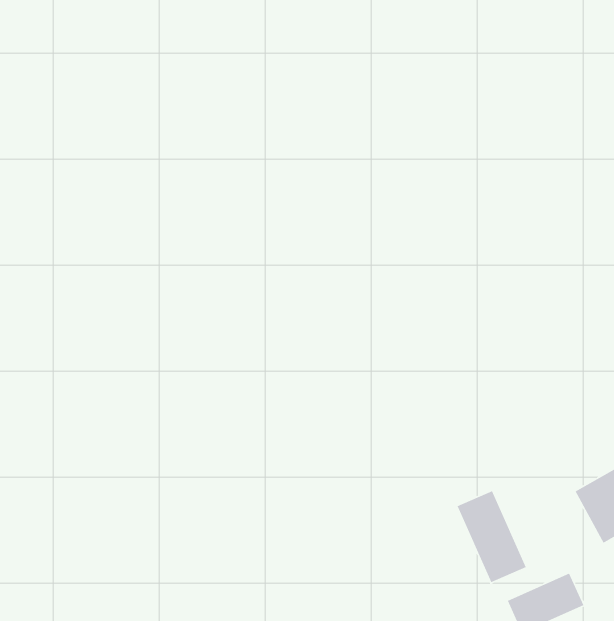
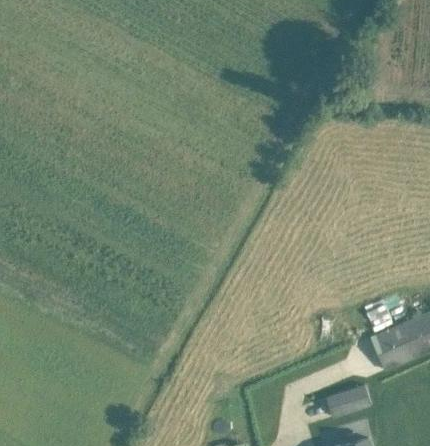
building: [456,490,527,583] -> none

